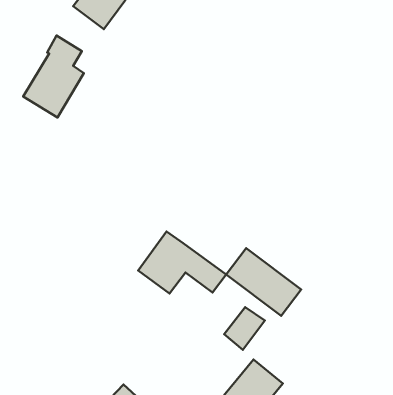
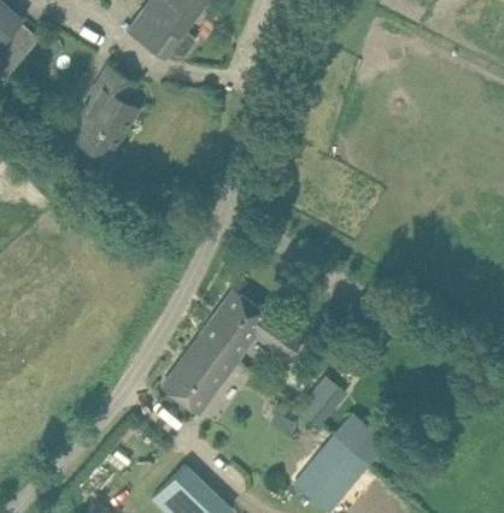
building: [226,248,301,316] -> none
building: none -> [162,335,238,415]
building: none -> [334,414,387,465]

